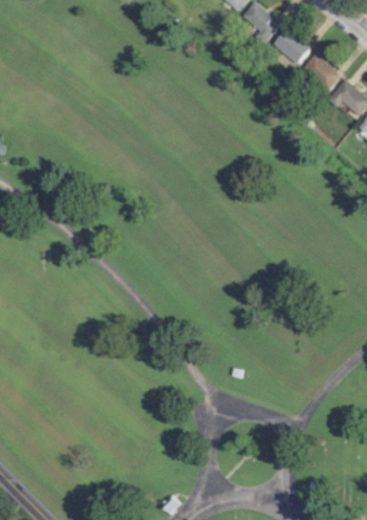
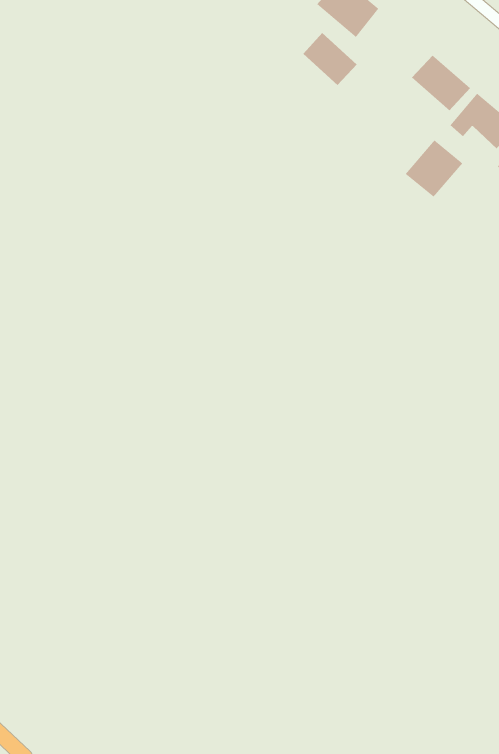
building: [272,28,309,64] -> [302,32,357,86]
building: none -> [405,140,463,198]

